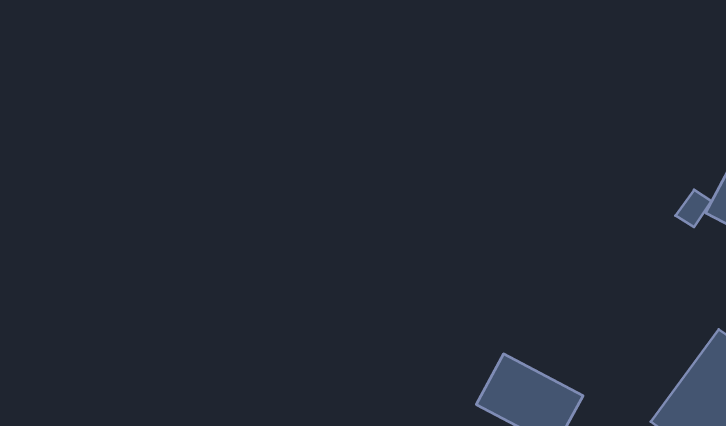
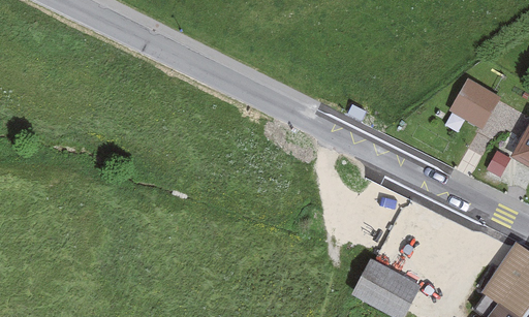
building: none -> [448,78,501,128]

